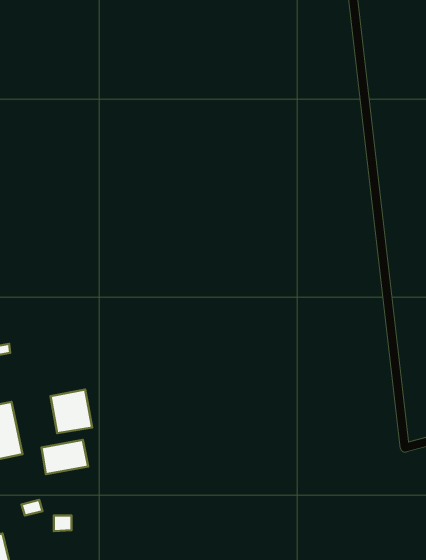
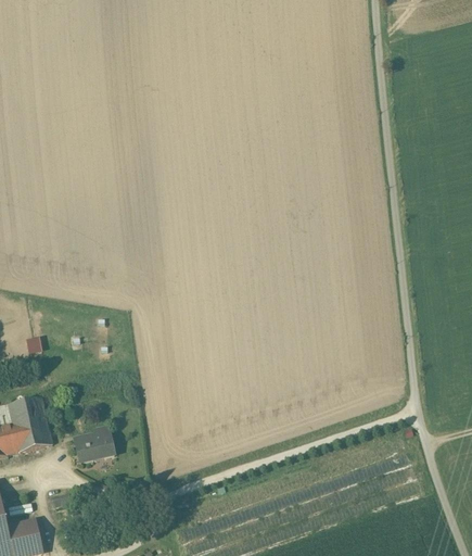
building: [51,389,92,433] -> none

